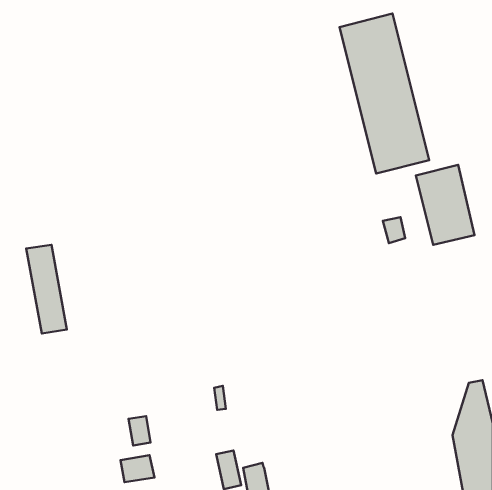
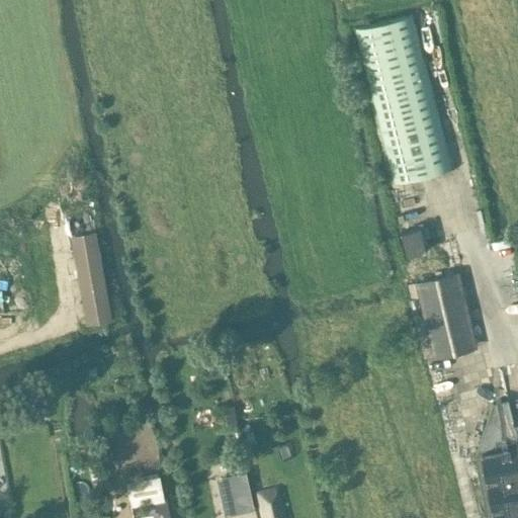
building: [416,165,475,245] -> [416,277,478,361]
building: [26,245,67,333] -> [71,235,113,328]
building: [129,416,151,445] -> none

